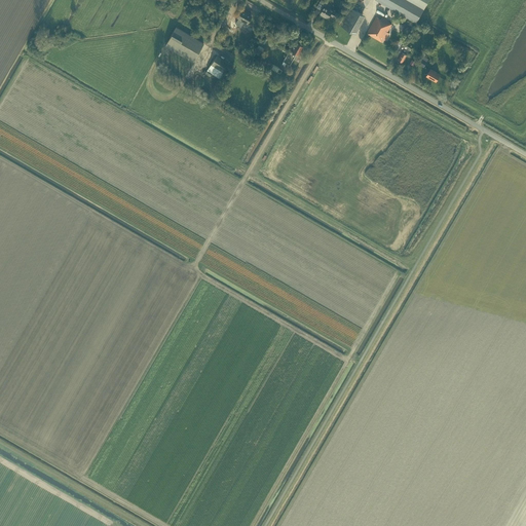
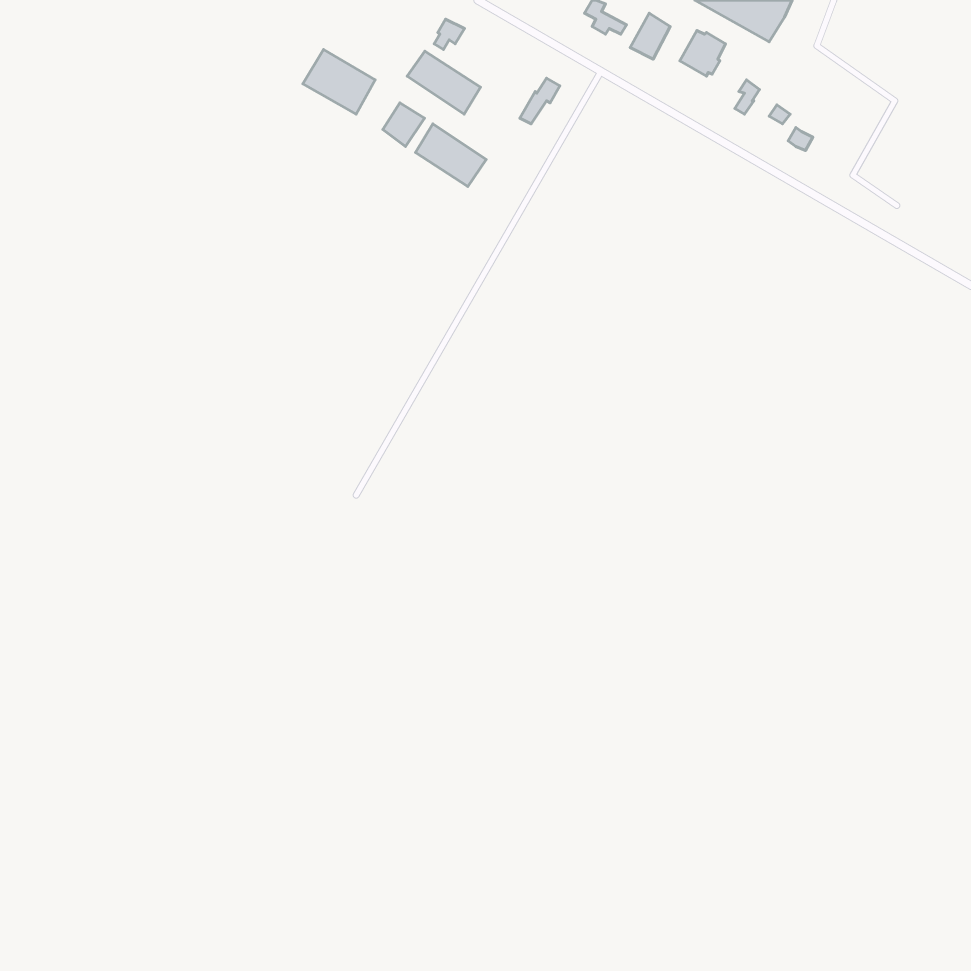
building: none -> [407,51,480,114]
building: none -> [415,124,486,186]

